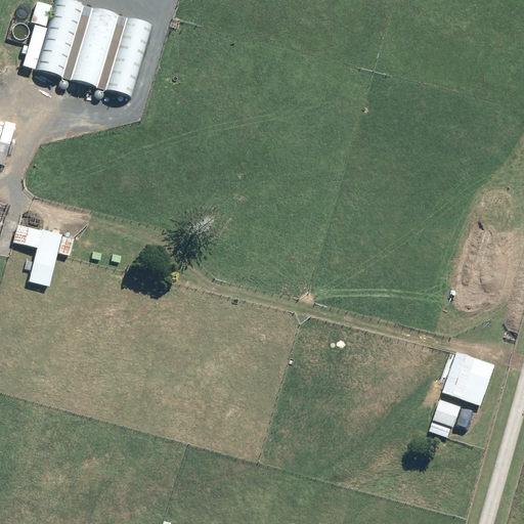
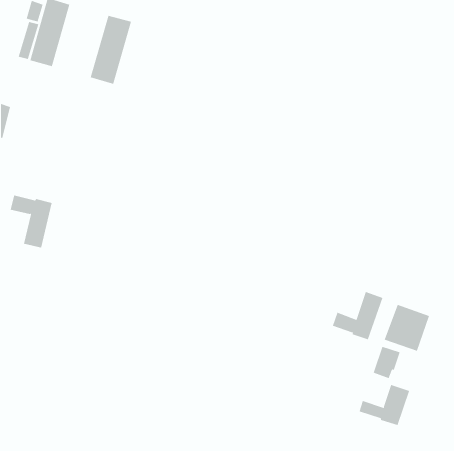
building: [70,7,117,86] -> none
building: none -> [332,291,383,340]
building: none -> [359,384,410,426]

